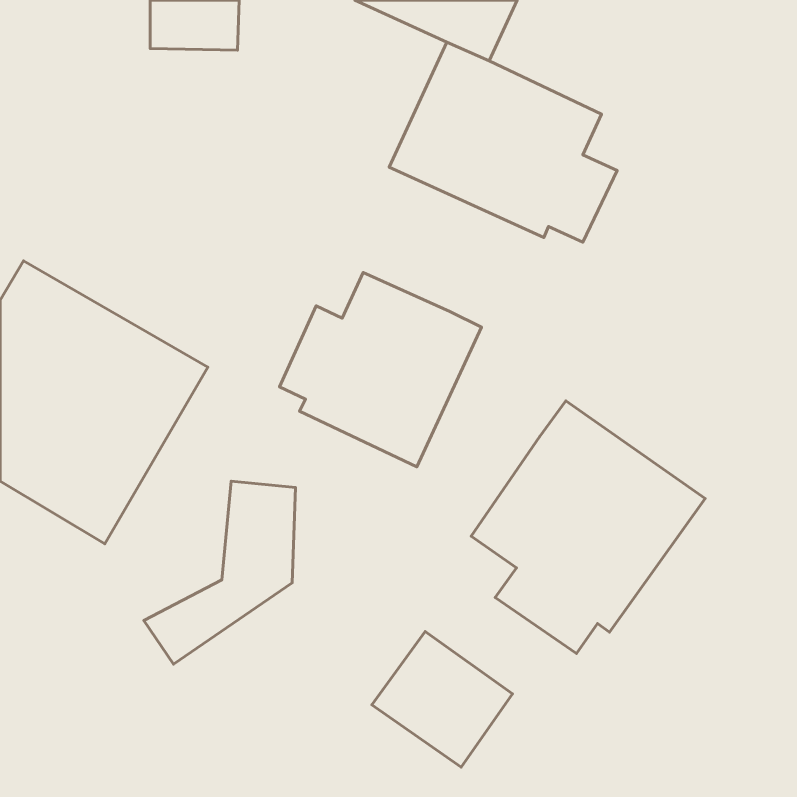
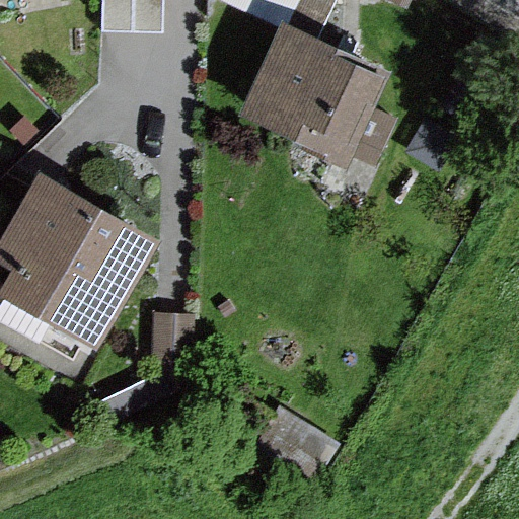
building: [279,273,482,467] -> none
building: [471,401,705,653] -> none

